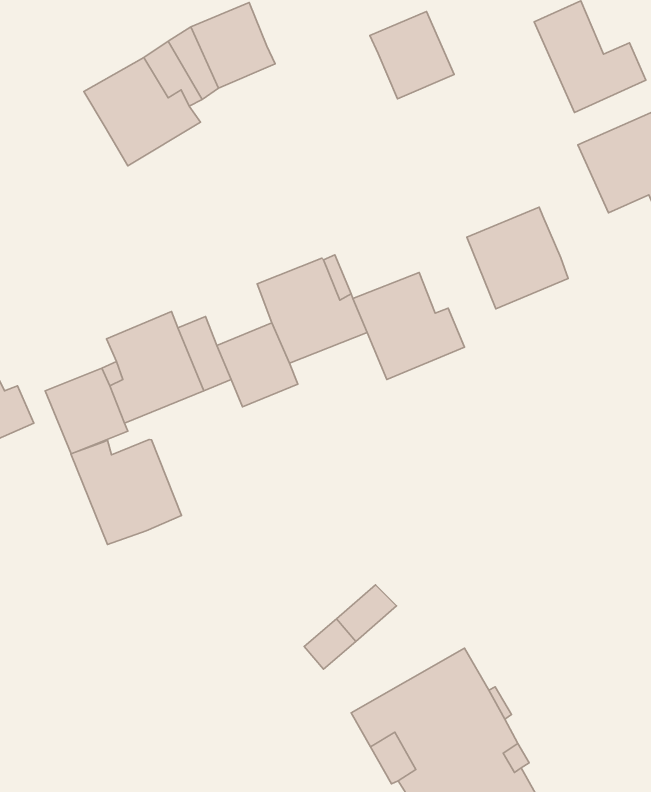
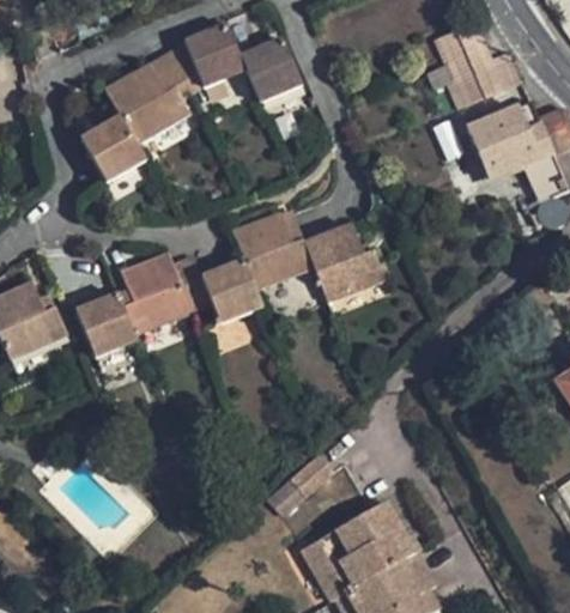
building: [370,11,454,99] -> [238,37,301,102]
building: none -> [79,115,144,182]
building: [467,207,568,309] -> none
building: [71,440,182,544] -> none

